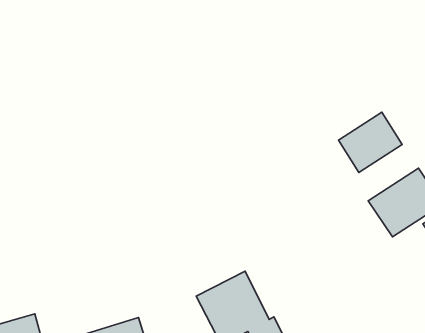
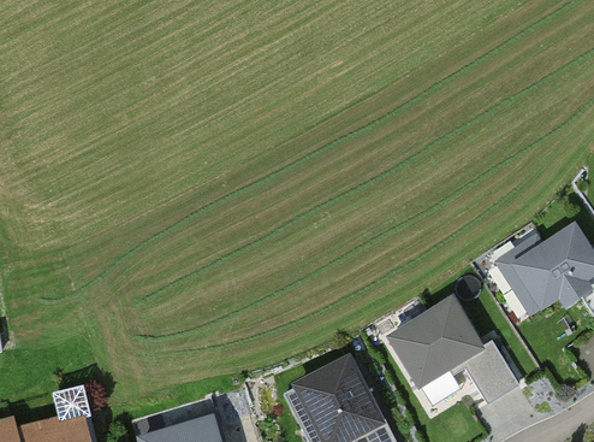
building: [339,112,402,173] -> none
building: none -> [392,300,517,401]

